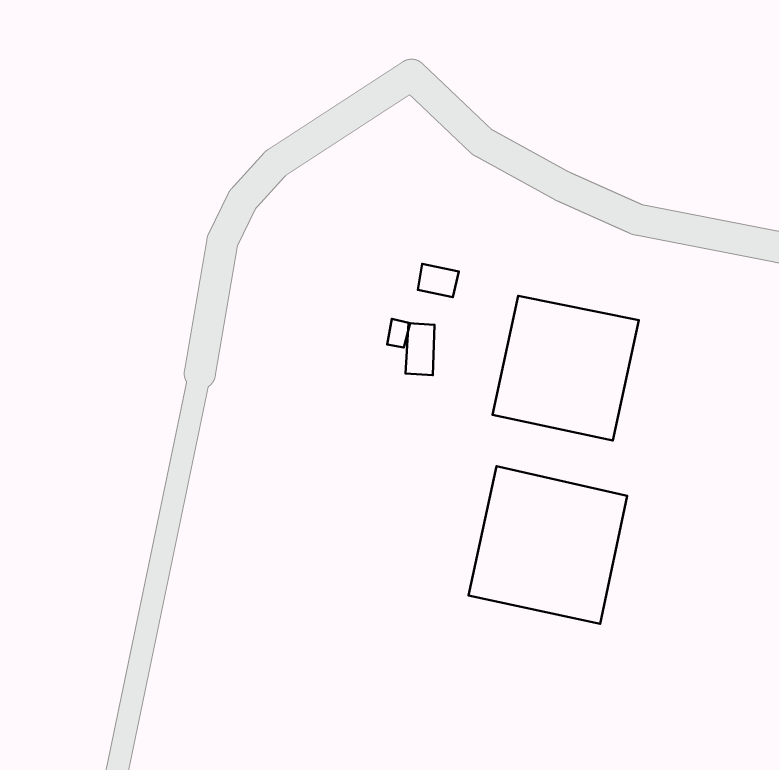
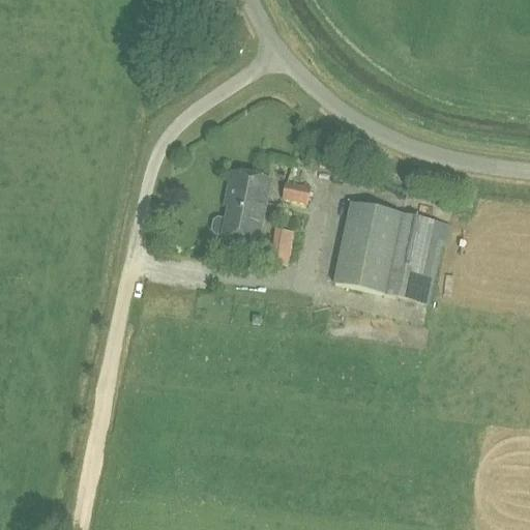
building: none -> [211,169,270,240]
building: [469,466,627,624] -> none

